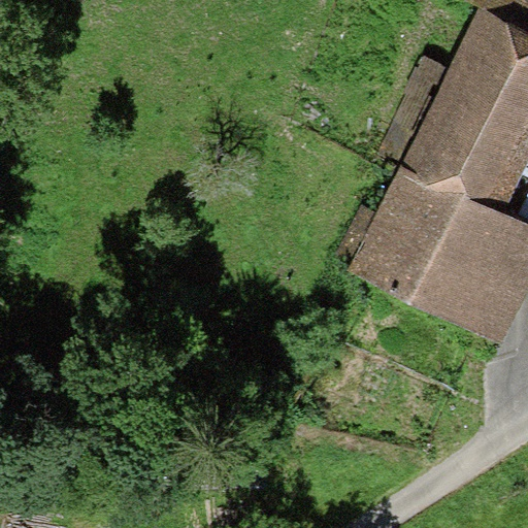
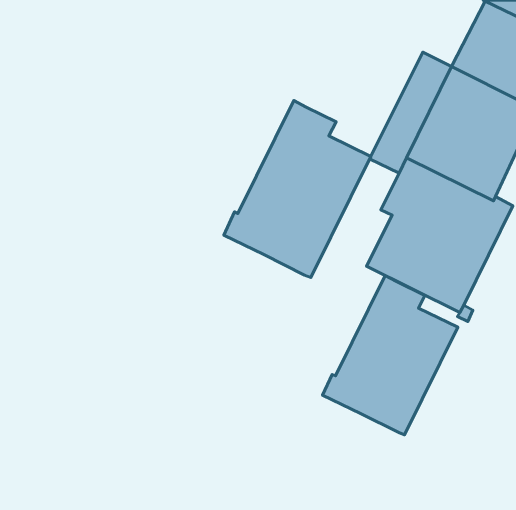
building: none -> [224,100,371,277]
building: none -> [323,275,458,435]

